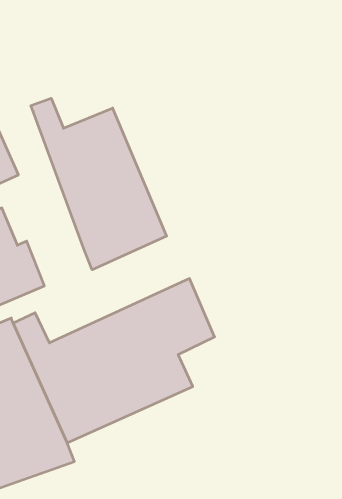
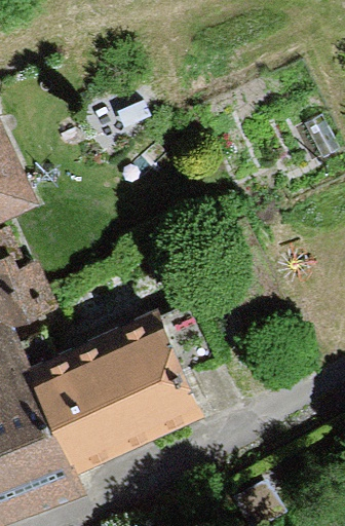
building: [31,98,167,270] -> none

